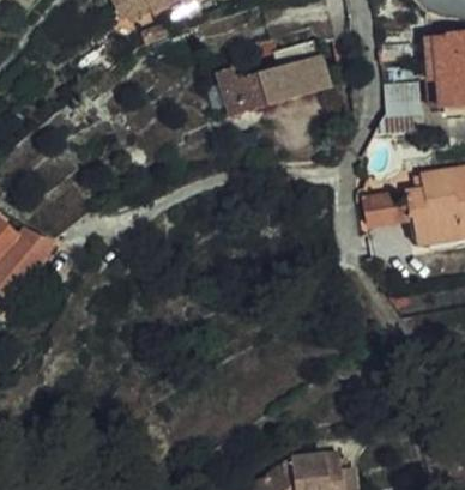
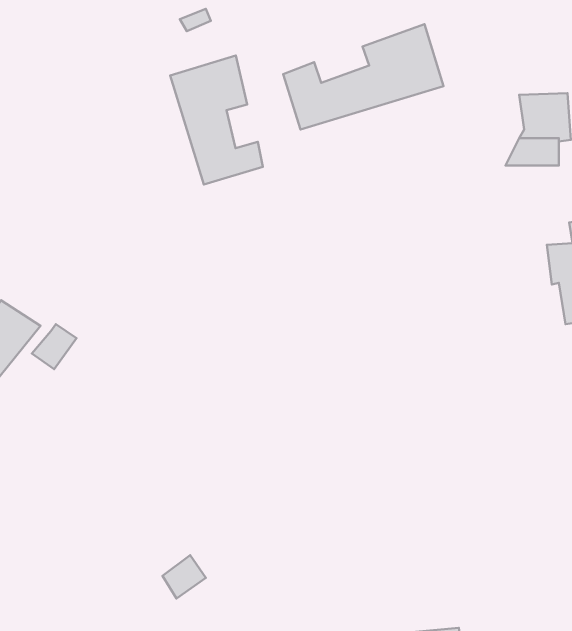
building: none -> [170,55,263,185]
building: [361,189,406,222] -> none

